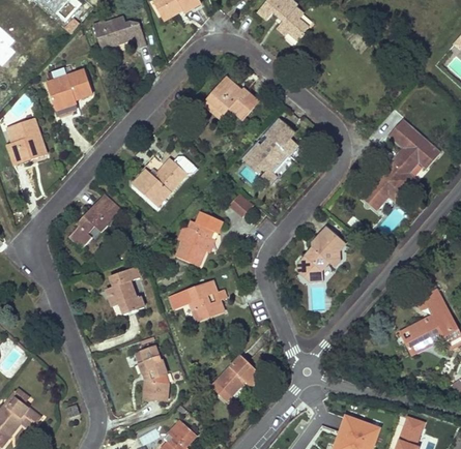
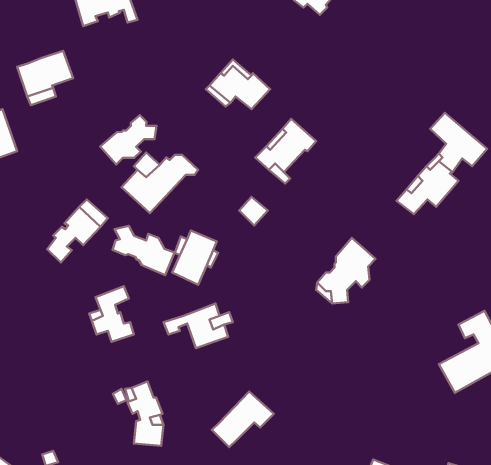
building: none -> [100,115,157,164]
building: none -> [113,226,175,275]

